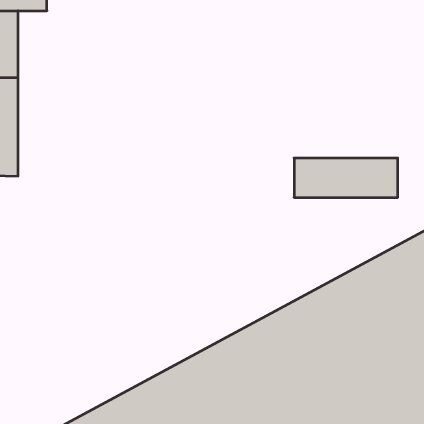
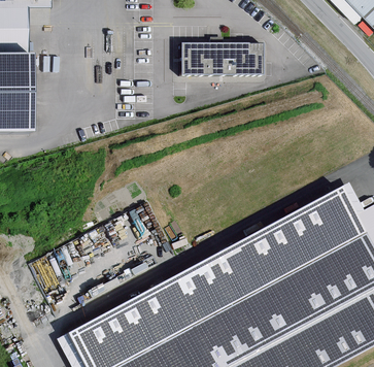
building: [294,158,398,197] -> [178,46,260,77]

